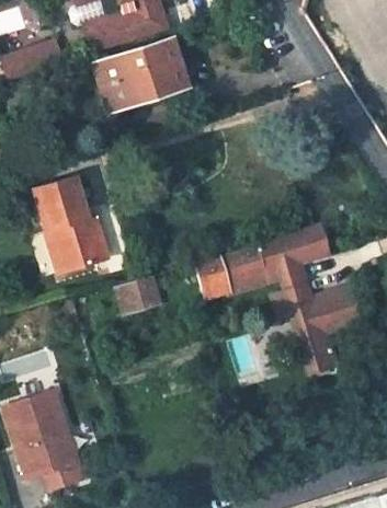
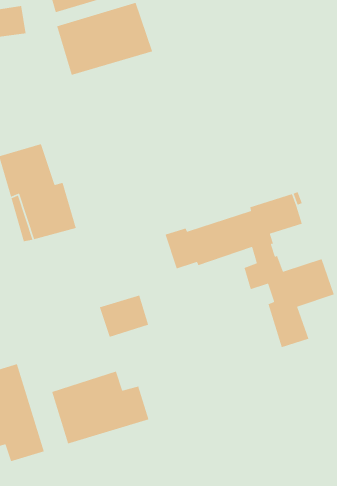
building: [114,276,162,318] -> [99,294,149,338]
building: none -> [51,370,149,445]

